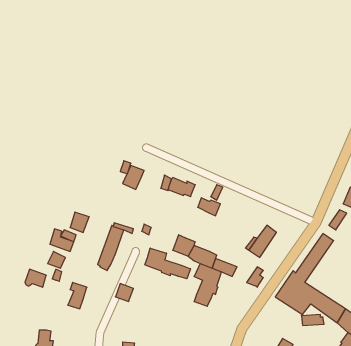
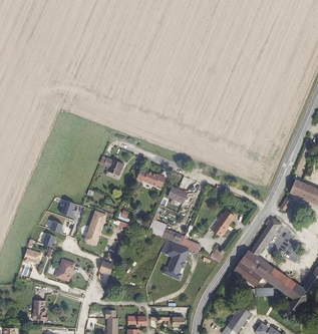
building: [145,248,190,279] -> none

